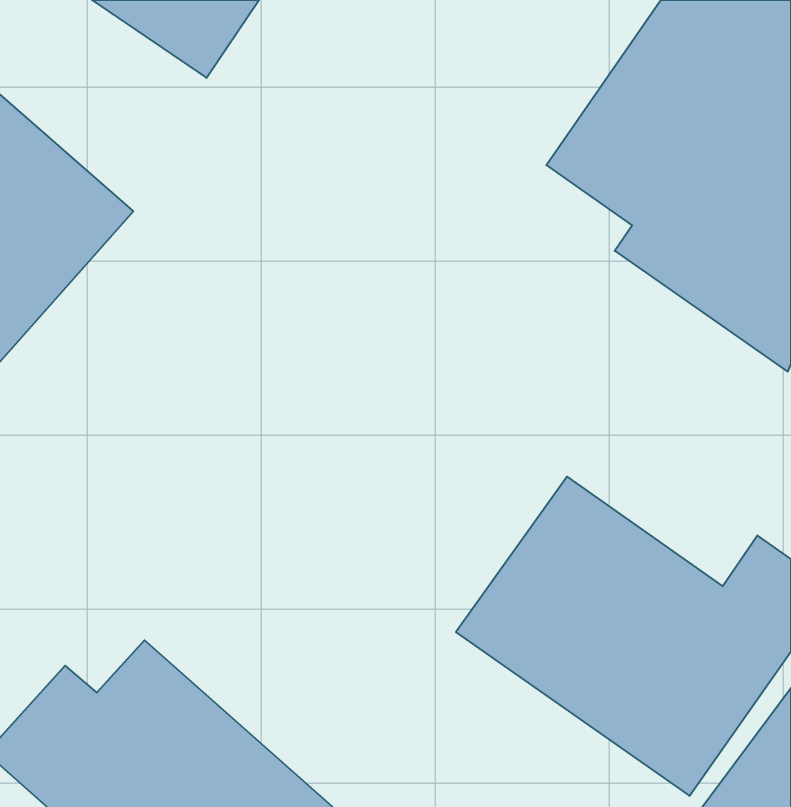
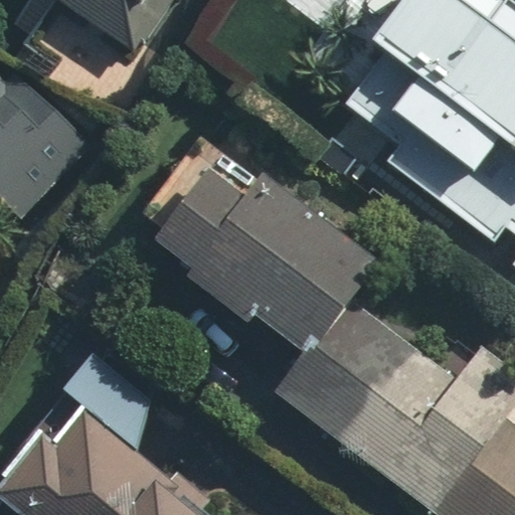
building: none -> [172,158,381,345]

